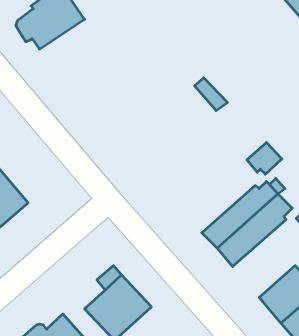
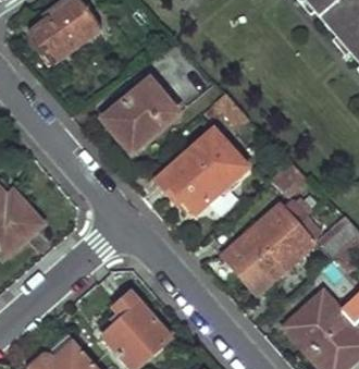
building: none -> [106,81,177,149]
building: none -> [158,127,248,217]

